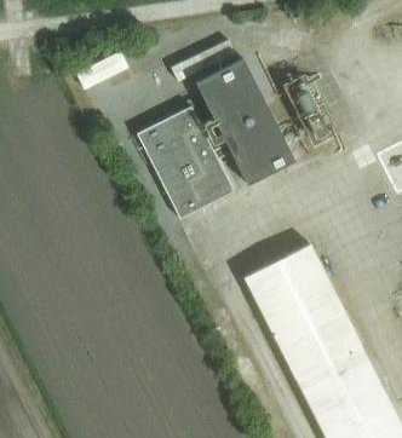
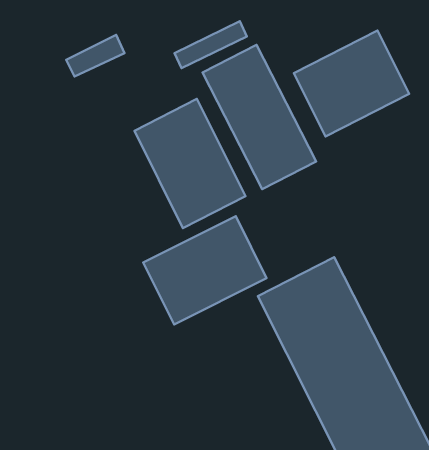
building: none -> [294,31,409,136]
building: none -> [143,216,267,324]

